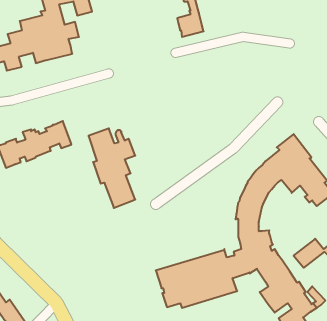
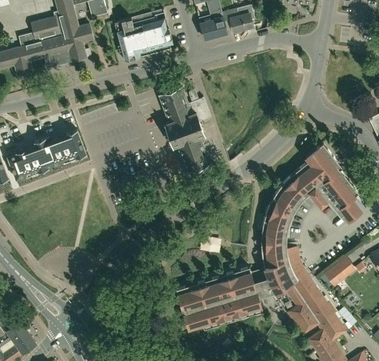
building: none -> [222,7,255,33]
building: none -> [114,9,173,61]
building: [88,128,135,208] -> [160,88,210,173]

